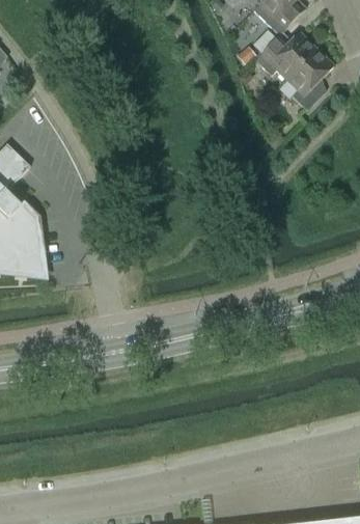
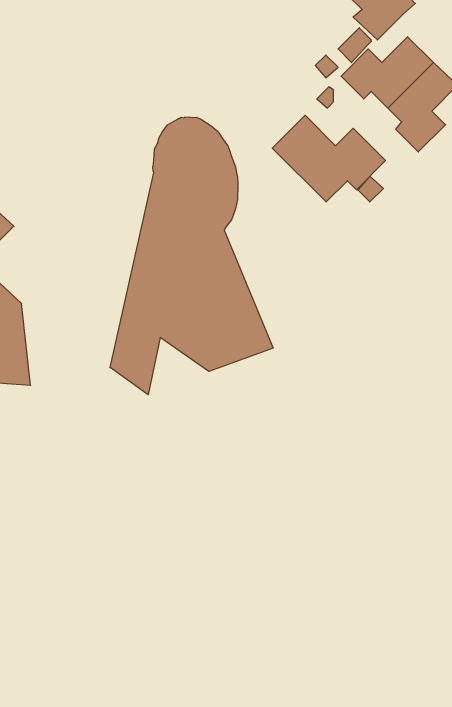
building: none -> [272,115,385,202]
building: none -> [110,117,273,395]

